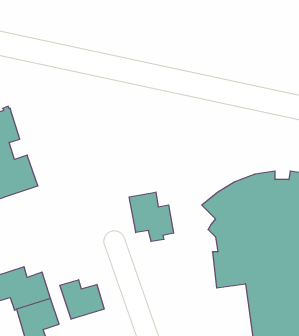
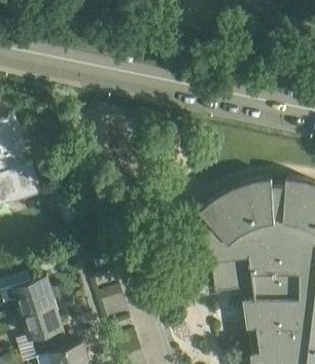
building: [129,192,173,242] -> none
building: [60,280,104,319] -> none

